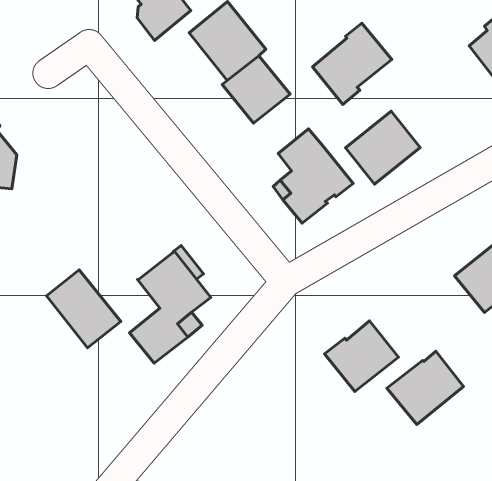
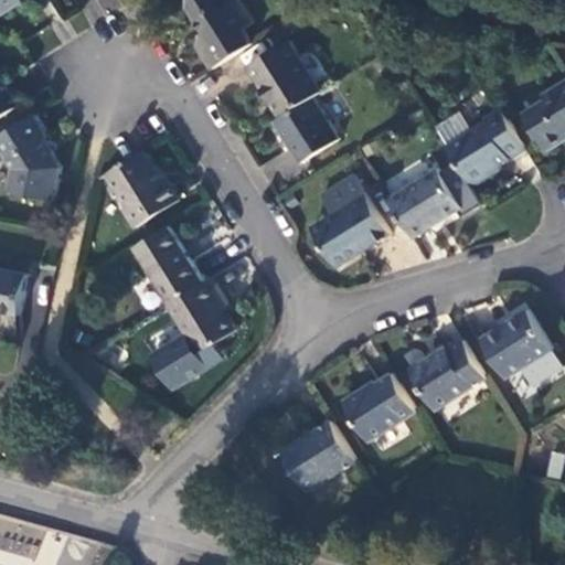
building: [313,23,392,105] -> [443,107,522,185]
building: none -> [103,149,175,227]
building: [47,270,121,348] -> [130,225,201,303]
building: [387,351,464,425] -> [406,339,482,409]
building: none -> [278,419,353,491]

